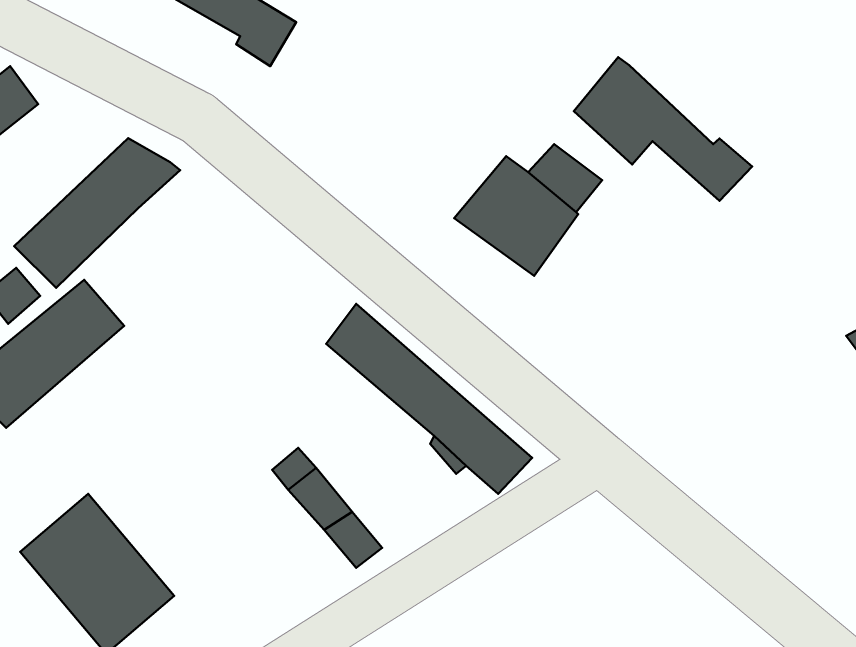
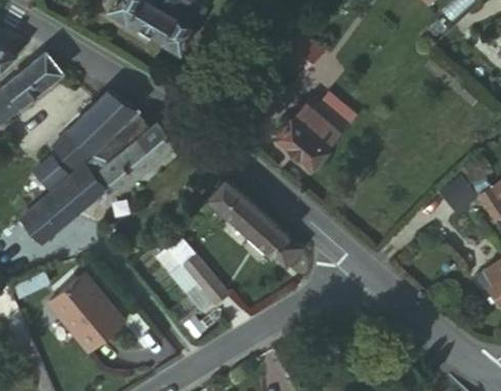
building: [574,57,752,201] -> none
building: none -> [91,117,180,191]

